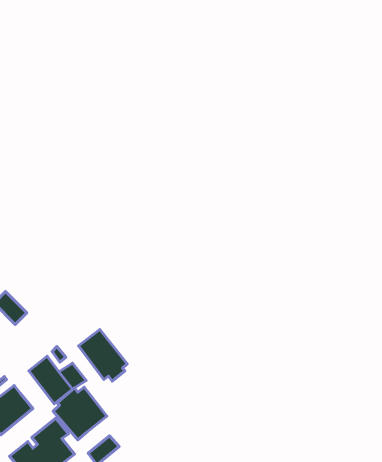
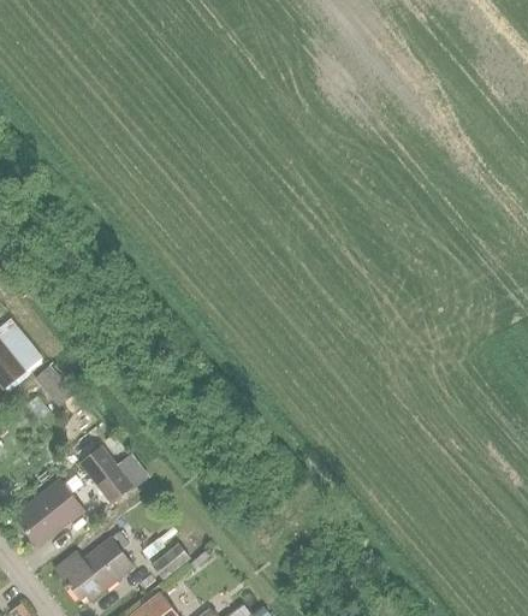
building: [78,329,127,381] -> none
building: [53,387,107,440] -> none

